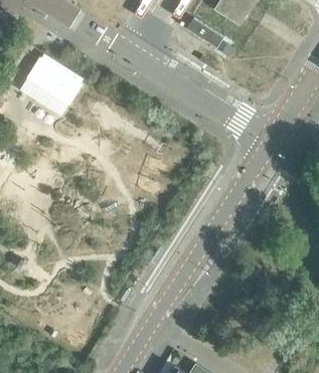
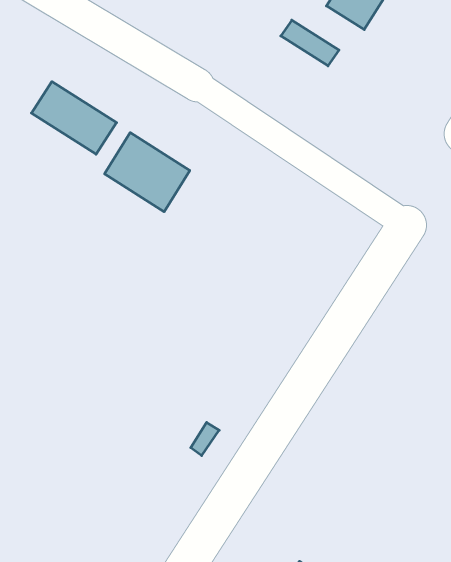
building: none -> [105,133,190,212]

